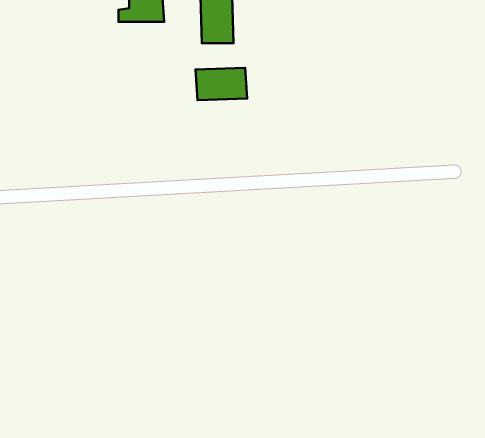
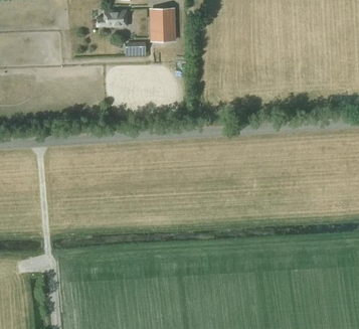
building: [195,68,247,100] -> none

